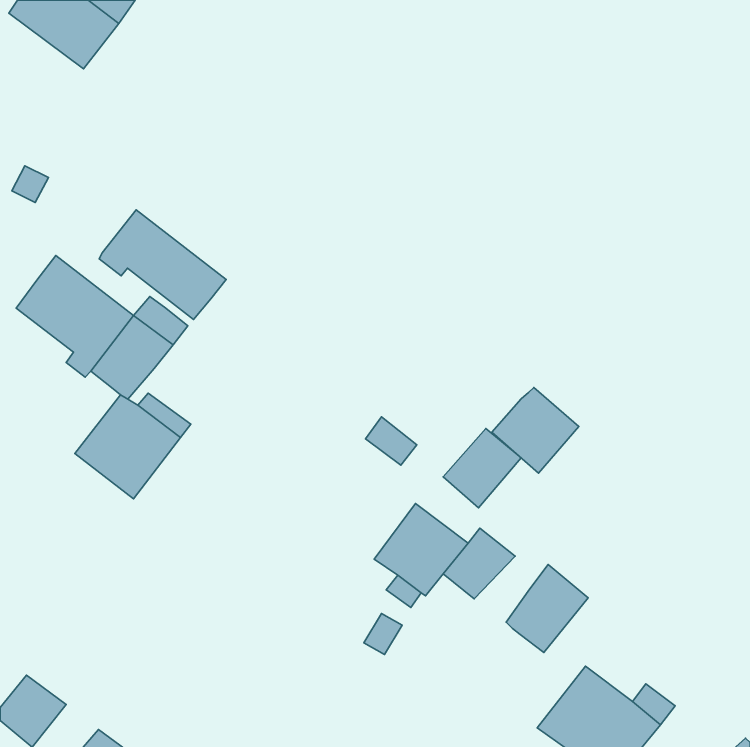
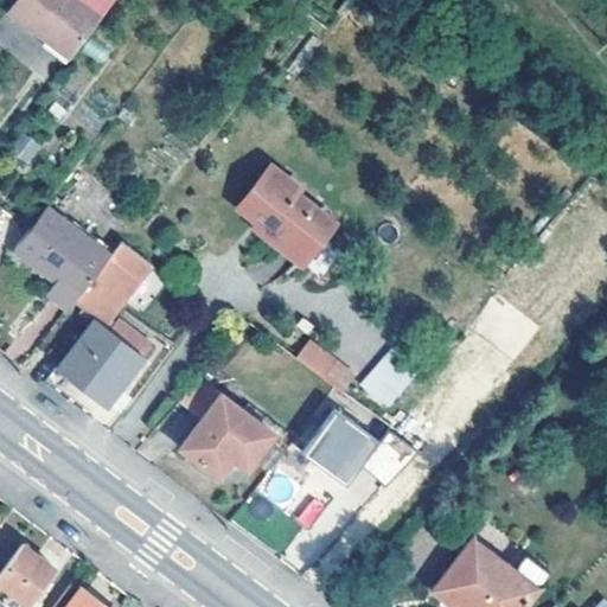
building: none -> [237,165,333,263]
building: [99,210,226,320] -> none
building: [492,388,579,473] -> none
building: none -> [180,378,273,477]
building: [506,565,588,653] -> none

